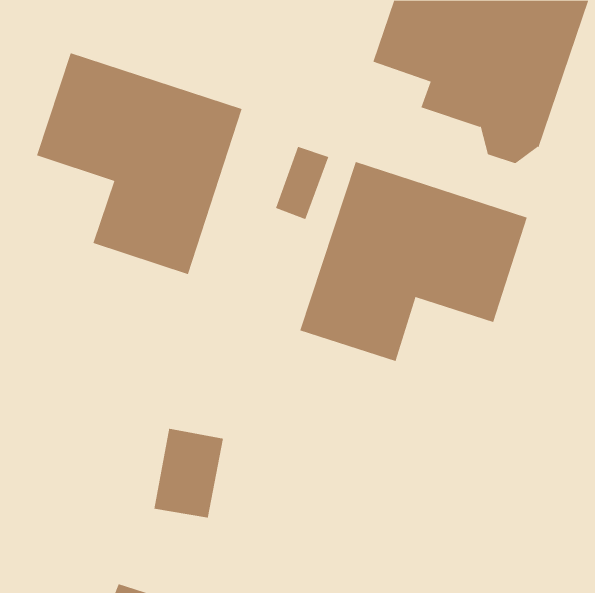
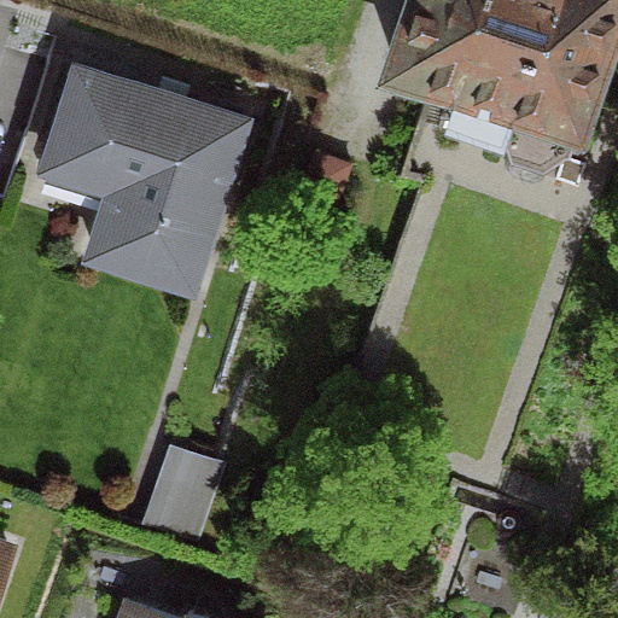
building: [300,161,528,362] -> none

